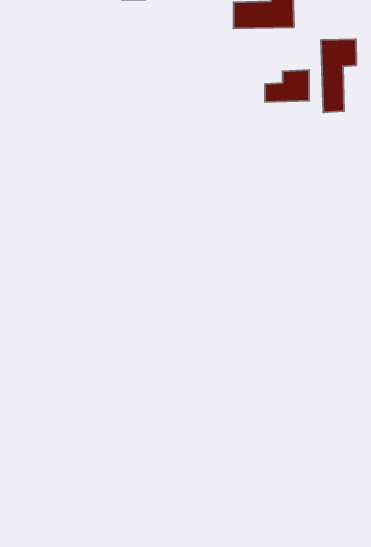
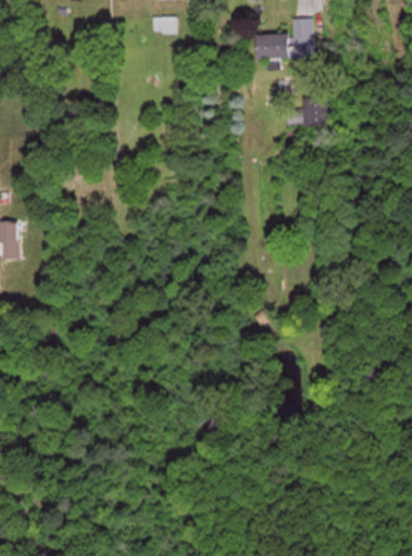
building: [321,39,356,113] -> none

